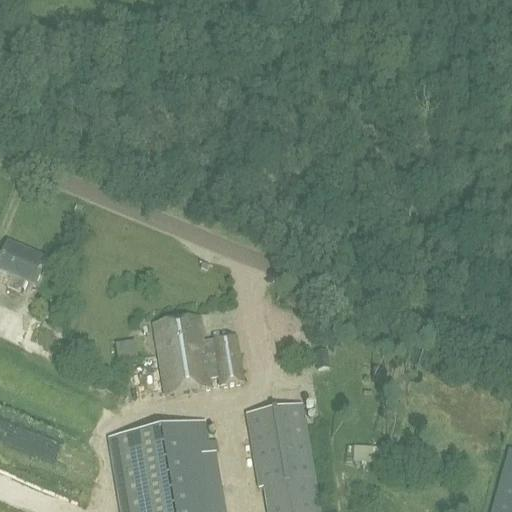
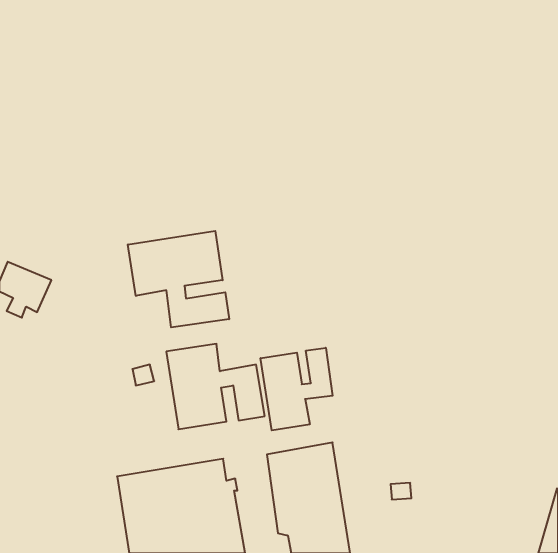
building: none -> [128,231,229,327]
building: none -> [261,348,333,430]

